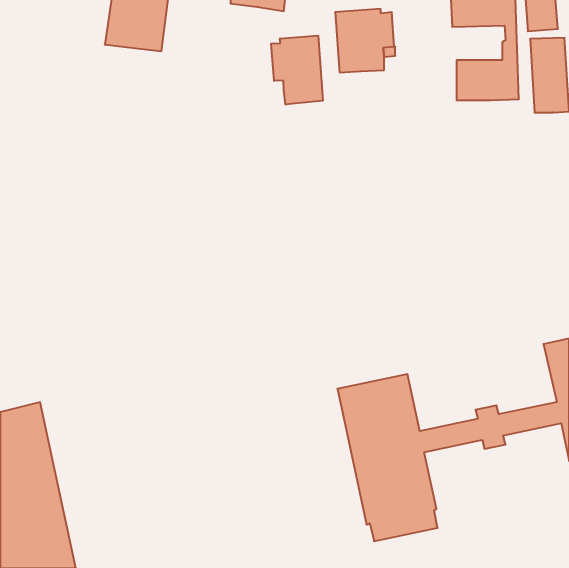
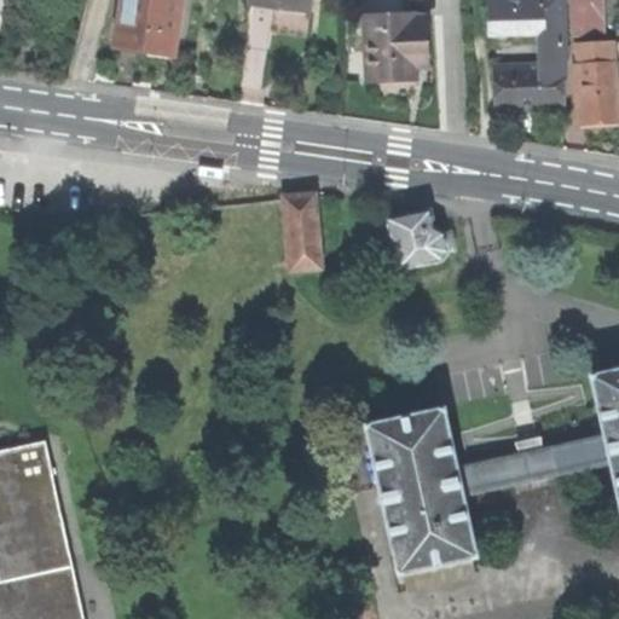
building: [271,36,323,105] -> none
building: none -> [284,193,318,267]
building: none -> [376,208,445,267]

